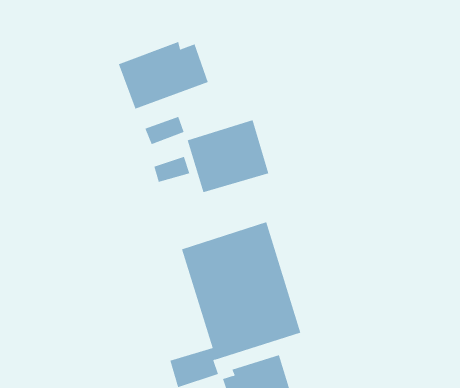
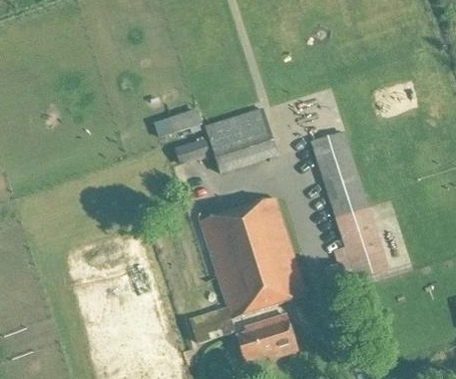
building: [118,41,208,110] -> none
building: none -> [312,132,388,288]

